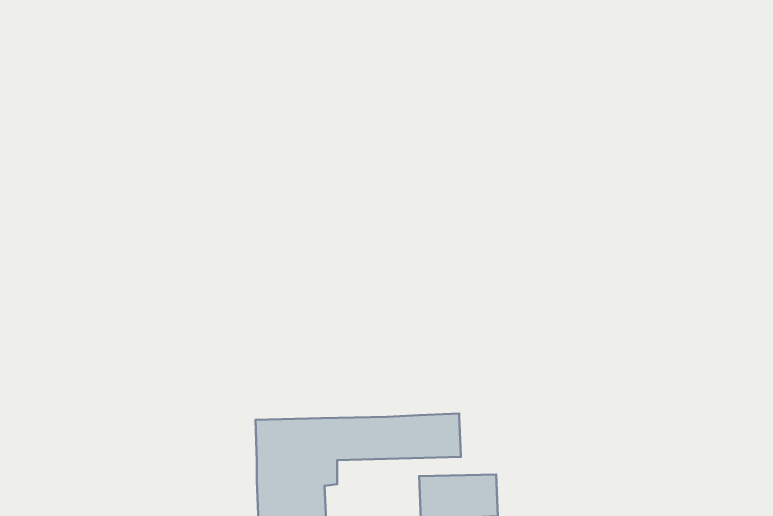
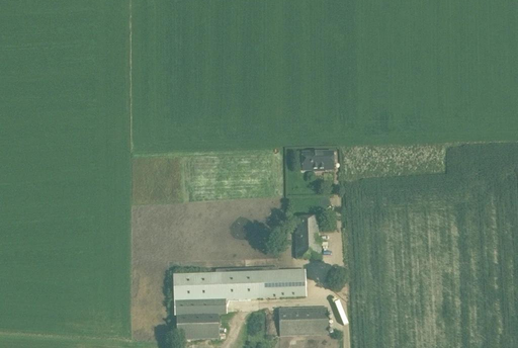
building: none -> [300,152,333,170]
building: none -> [295,216,320,257]

